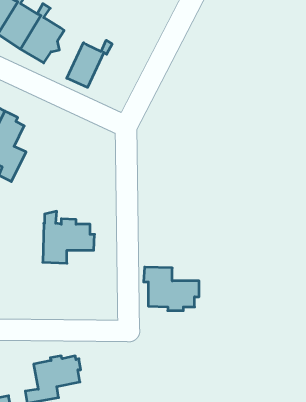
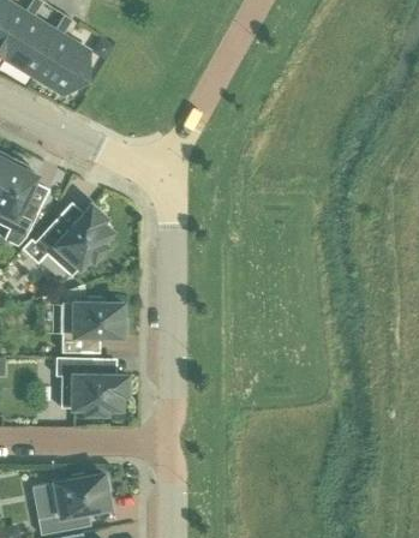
building: [67,40,112,87] -> none
building: none -> [35,205,112,277]
building: [144,267,199,311] -> [55,358,127,414]

